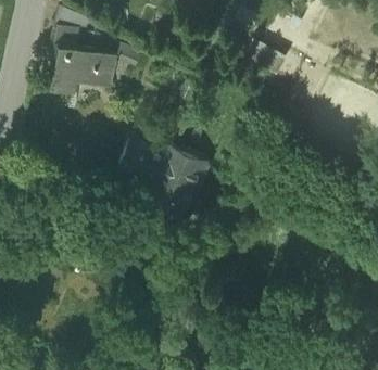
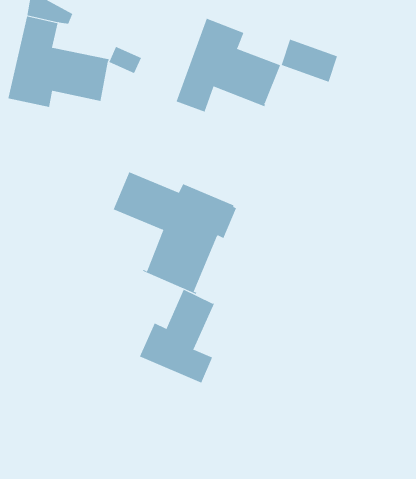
building: none -> [176,18,281,112]
building: none -> [139,289,215,383]

